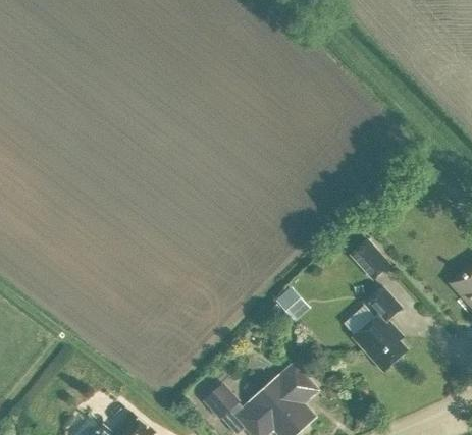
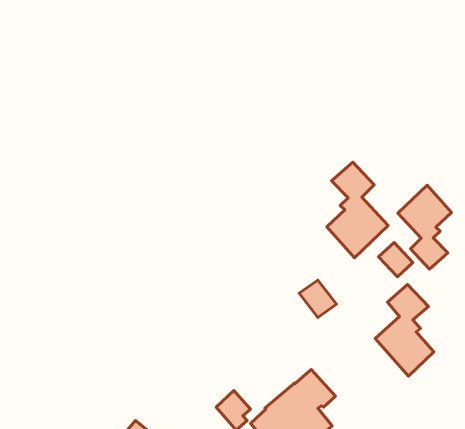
building: none -> [327,162,388,258]
building: none -> [398,185,451,269]

